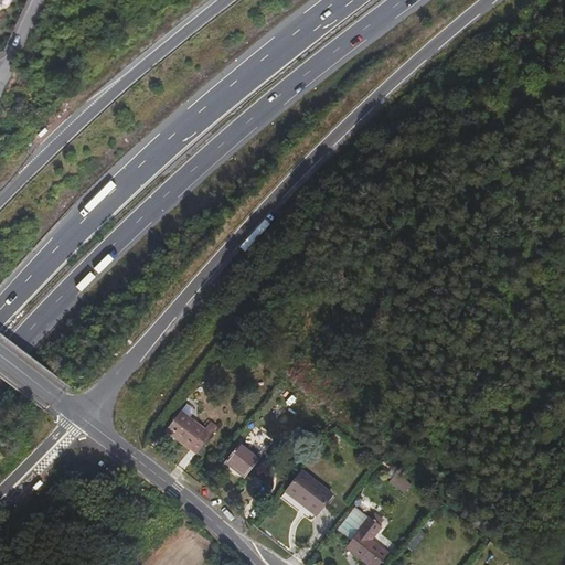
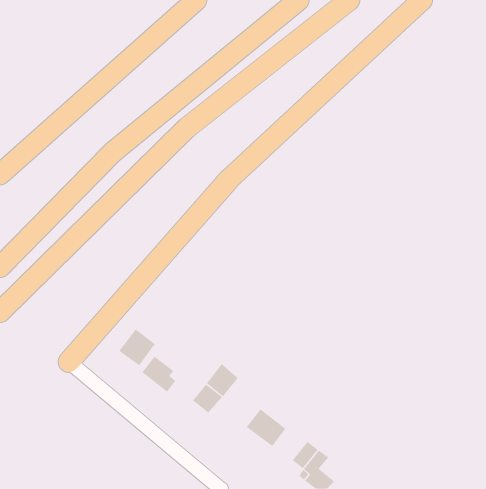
building: none -> [118,328,155,366]
building: none -> [206,363,239,397]

